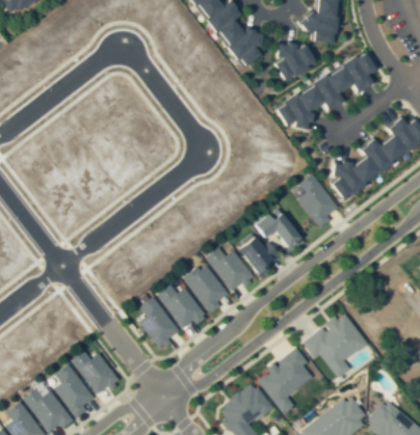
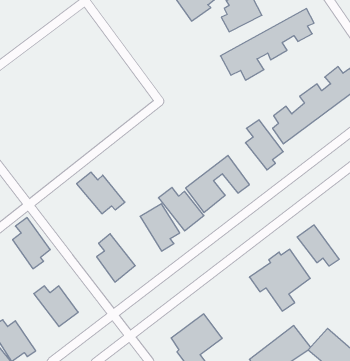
building: [157,284,209,329] -> [77,172,125,214]
building: none -> [297,225,339,266]
building: [259,348,314,415] -> none
building: [54,364,95,419] -> [13,218,50,269]

